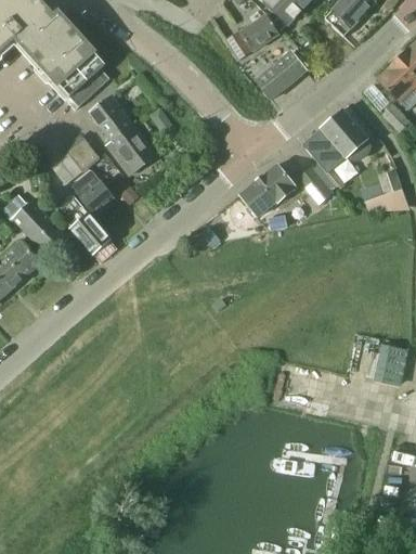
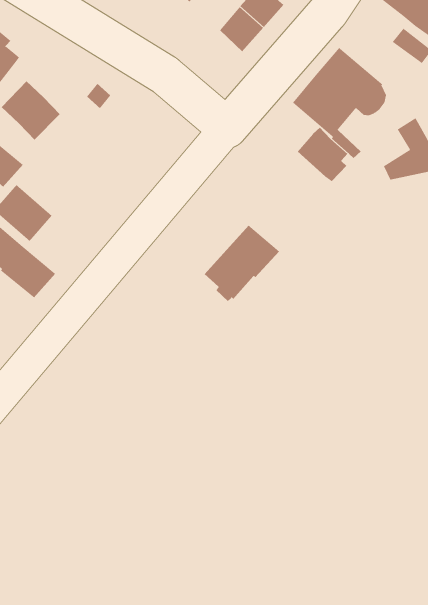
building: [105,124,156,175] -> none
building: [238,163,296,216] -> [204,225,280,302]

